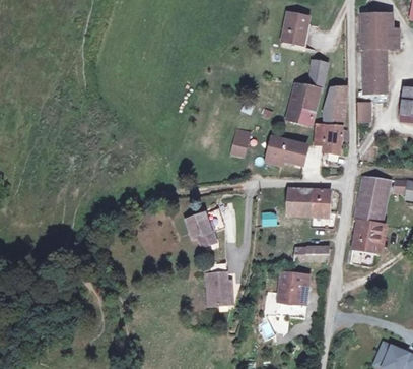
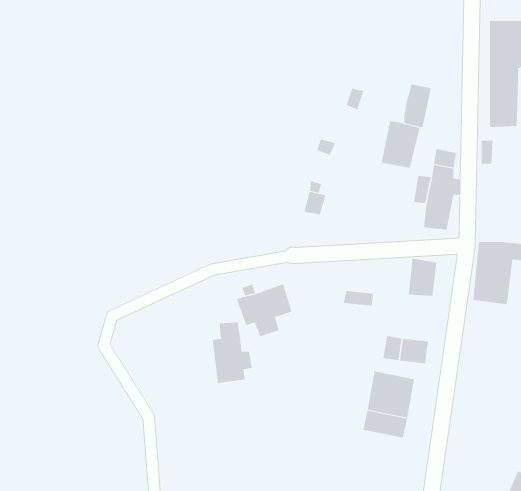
building: [284,15,308,44] -> none
building: [328,84,349,112] -> none
building: [268,137,307,164] -> none
building: [286,186,312,214] -> none
building: [351,219,383,265] -> none
building: [205,259,234,304] -> [212,322,252,384]

